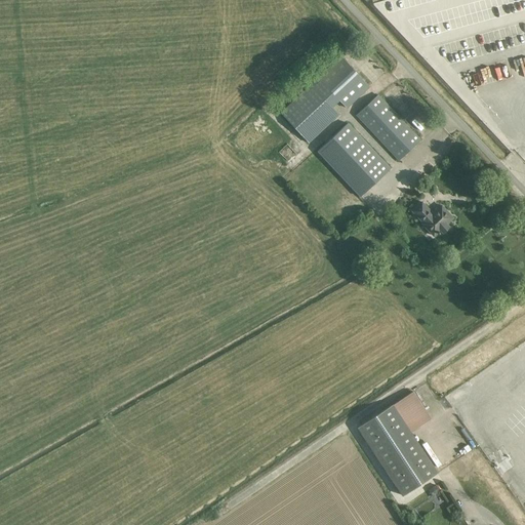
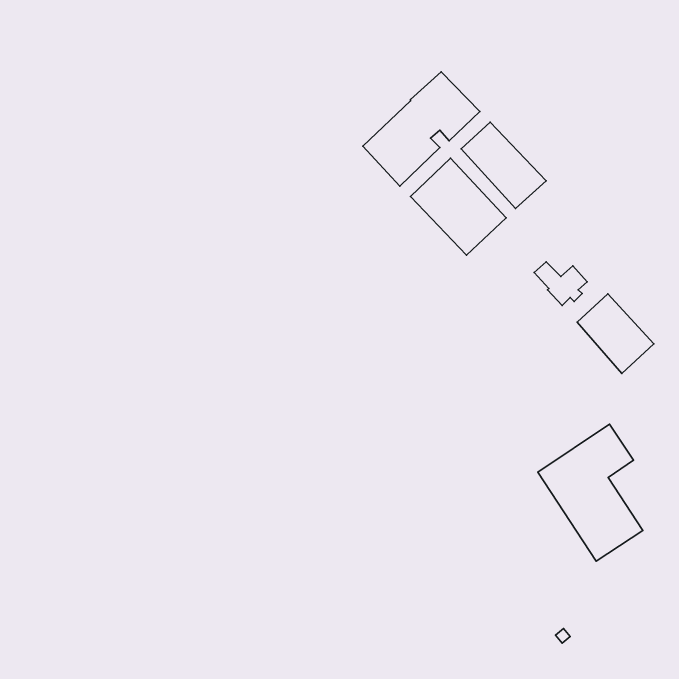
building: none -> [577,294,654,373]
building: [357,391,438,496] -> [538,424,643,561]

